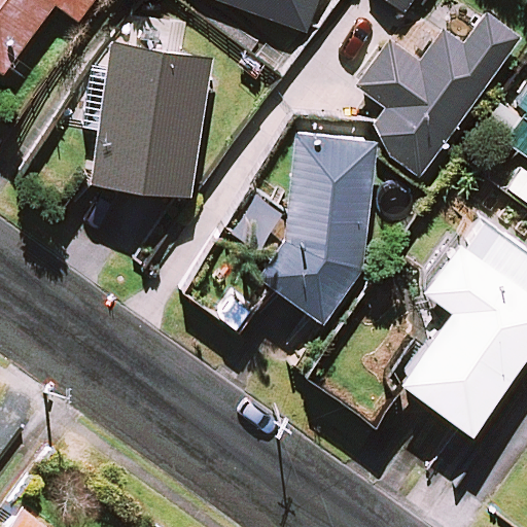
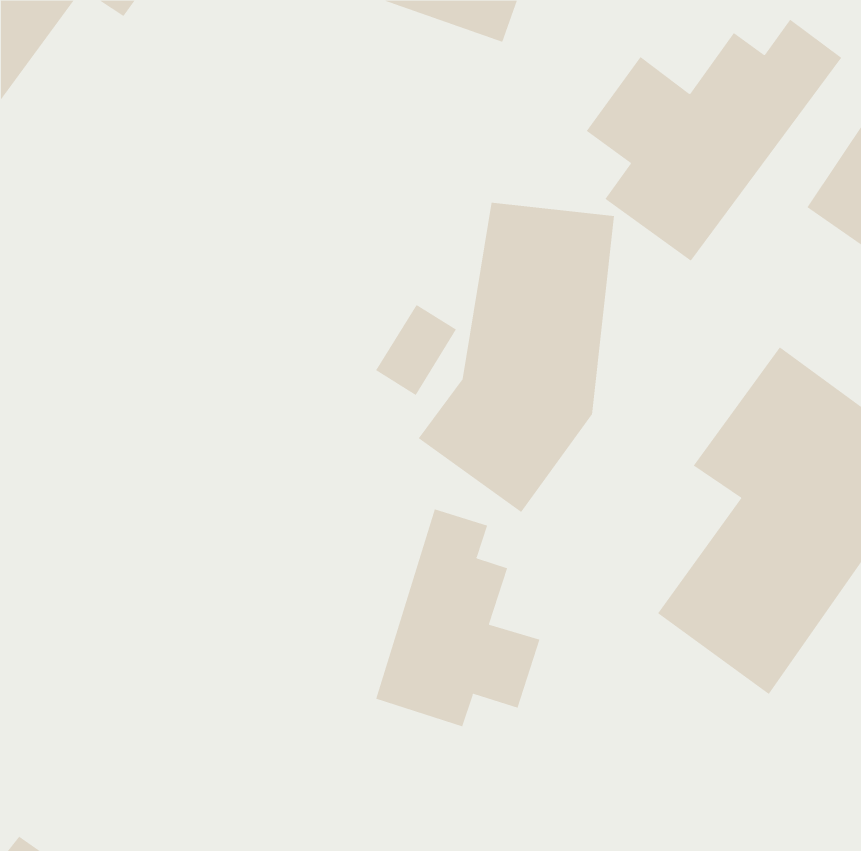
building: [86,42,211,195] -> none
building: none -> [375,508,540,727]

